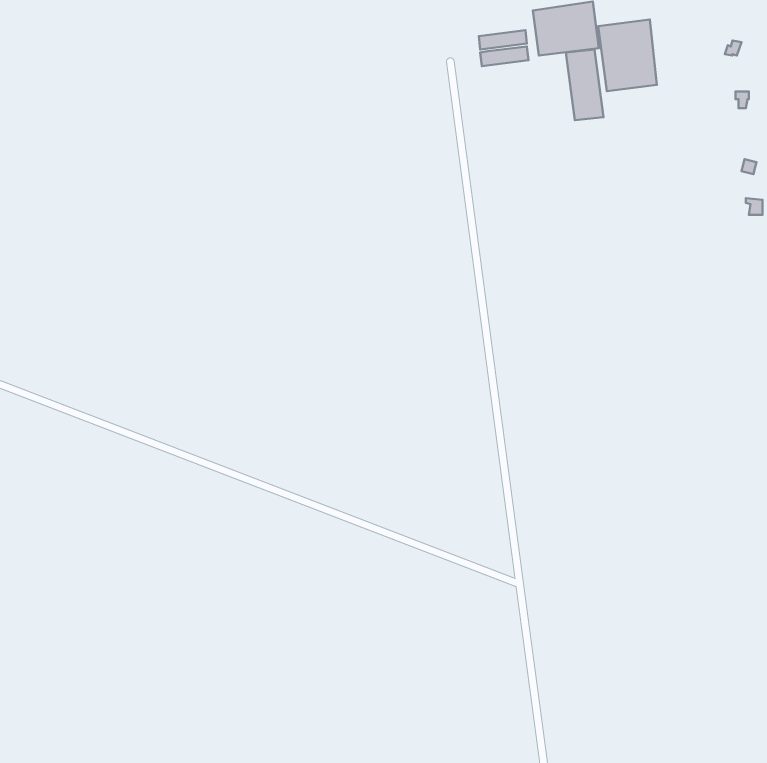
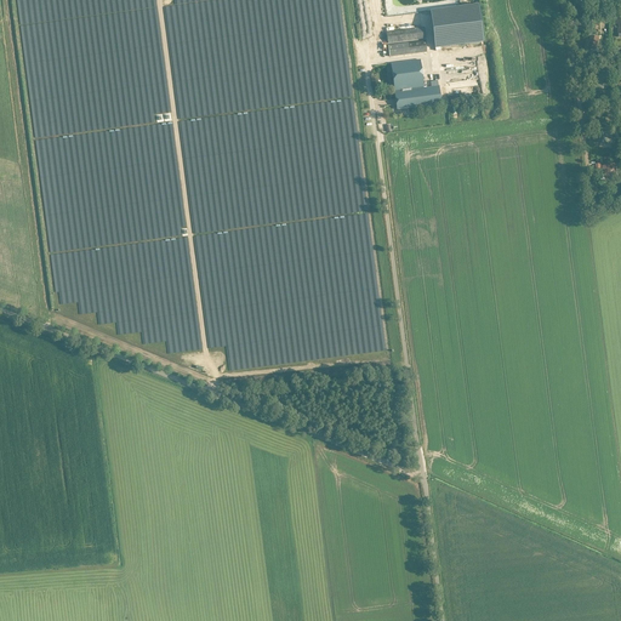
building: [598,19,657,91] -> none
building: none -> [391,56,441,107]

